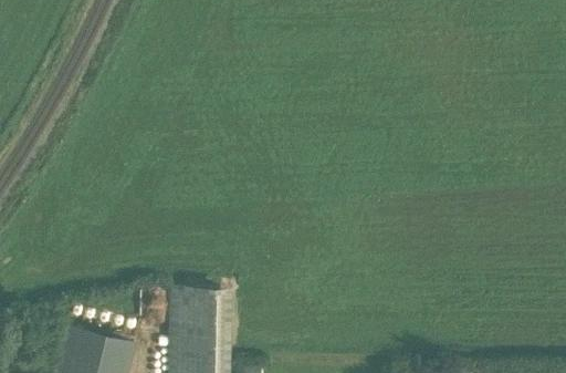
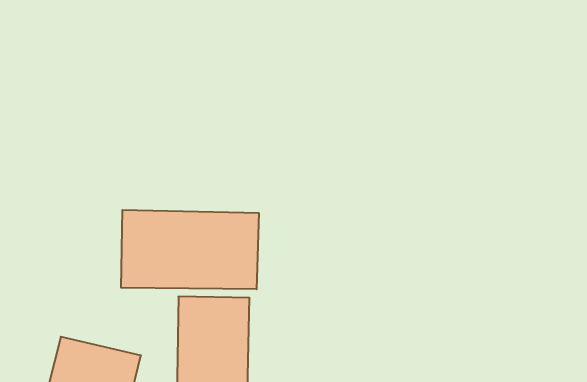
building: none -> [121,210,259,289]

